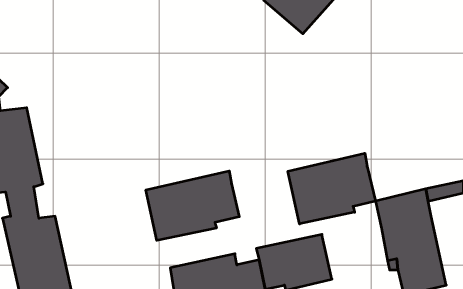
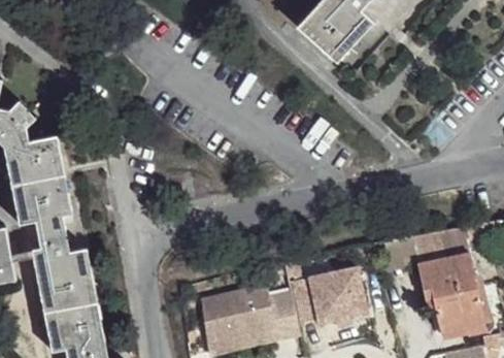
building: [288,153,375,224] -> none
building: [146,171,239,240] -> none

